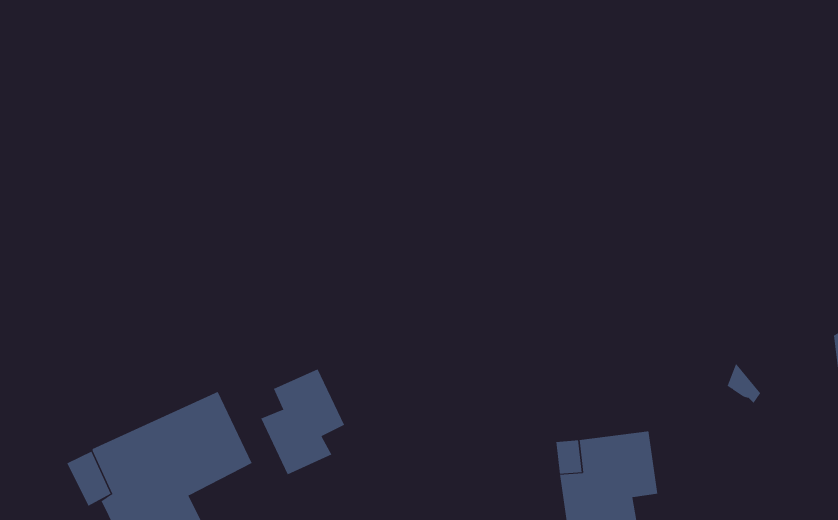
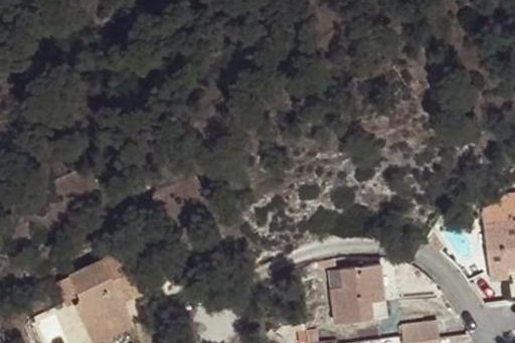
building: [260,368,345,475] -> none

